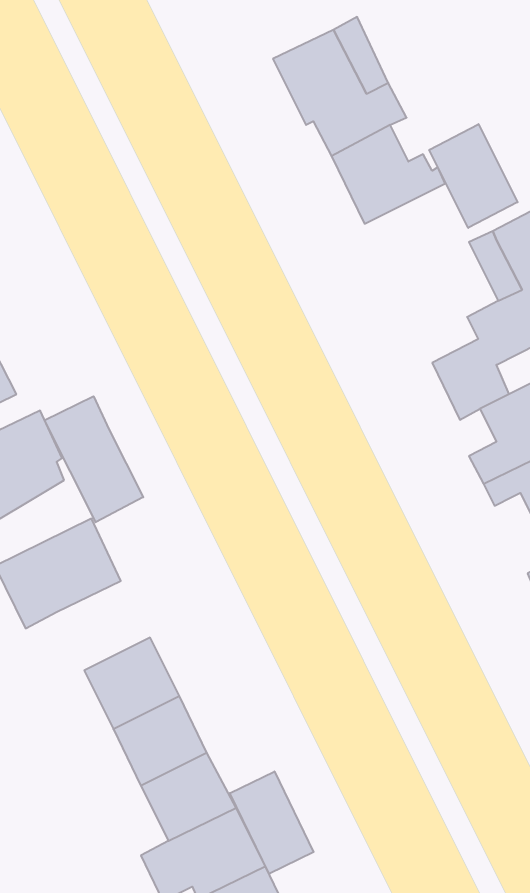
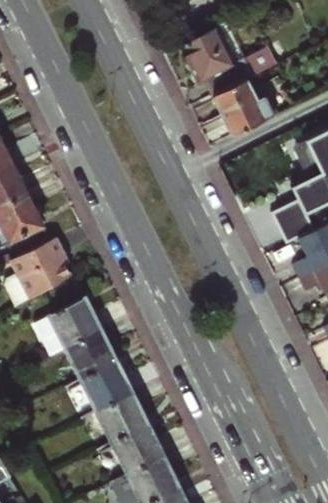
building: [429,124,518,228] -> none
building: [45,396,143,522] -> none
building: none -> [66,331,117,380]
building: [230,771,314,874] -> none

